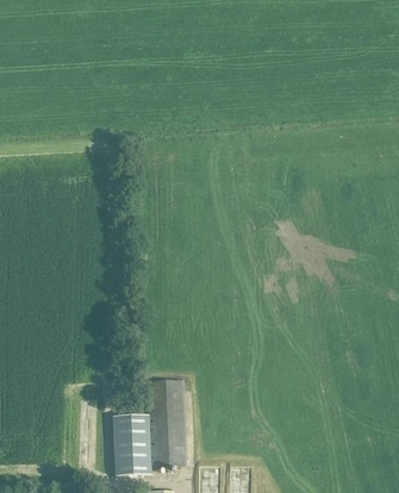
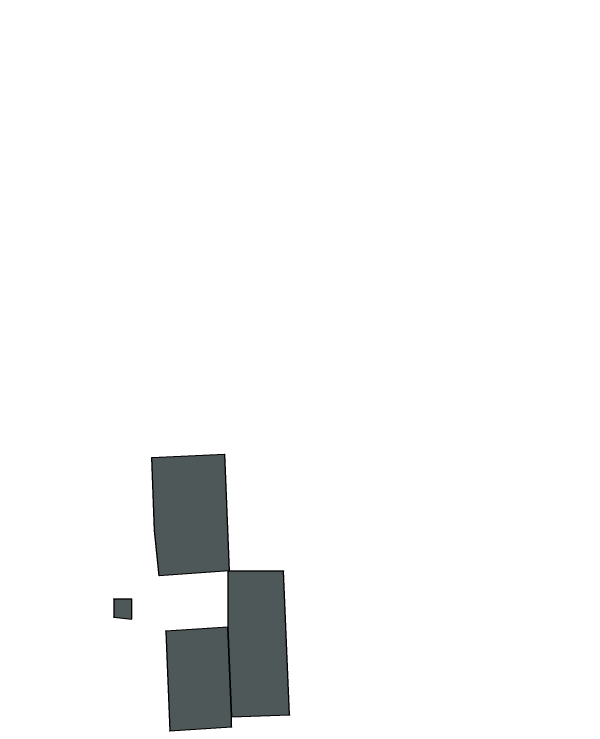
building: none -> [152,454,229,576]

